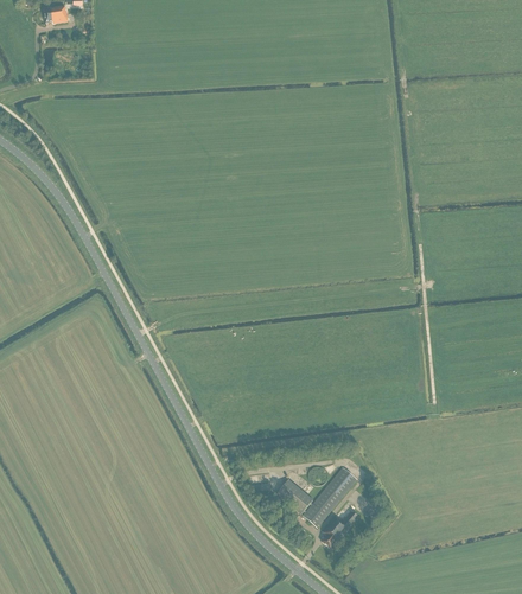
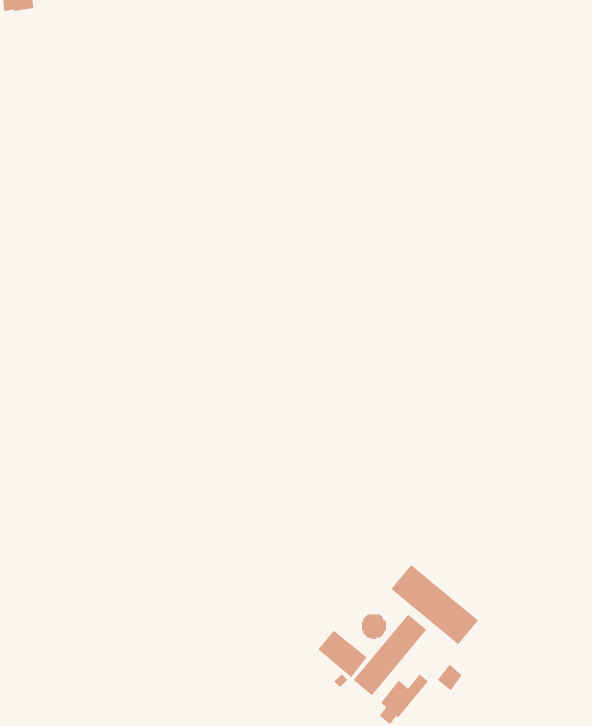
building: none -> [390,564,479,645]

